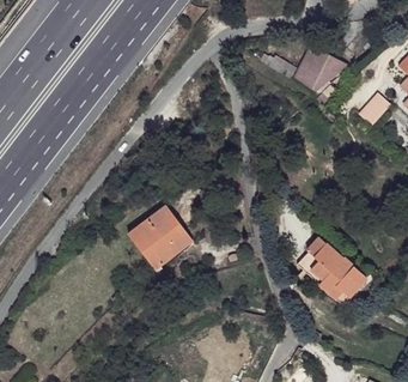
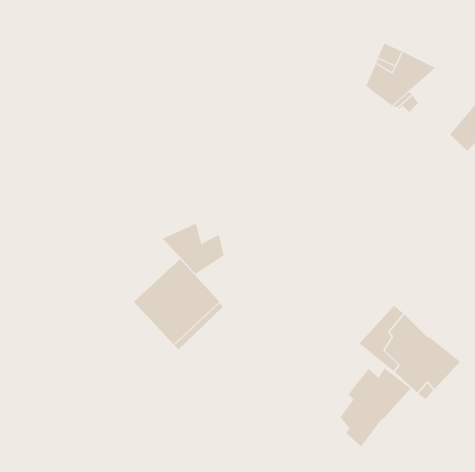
building: none -> [162,223,224,275]
building: none -> [340,368,412,447]

